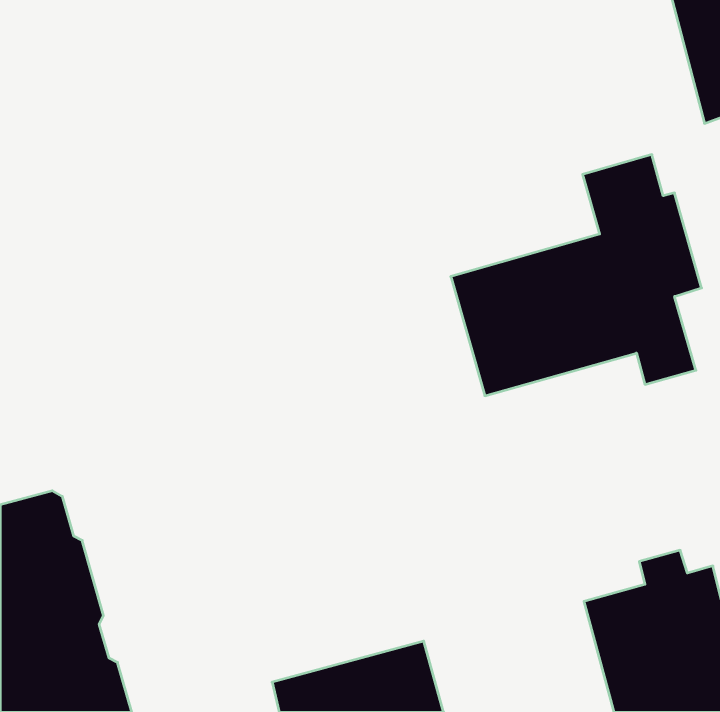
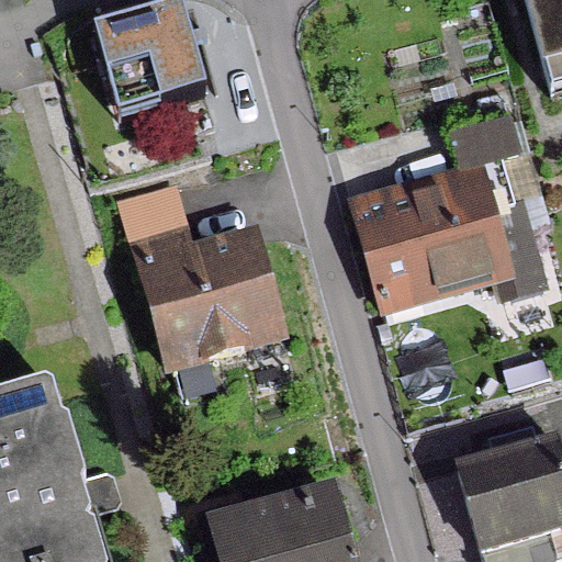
building: none -> [92,4,204,116]
building: none -> [115,183,277,363]

